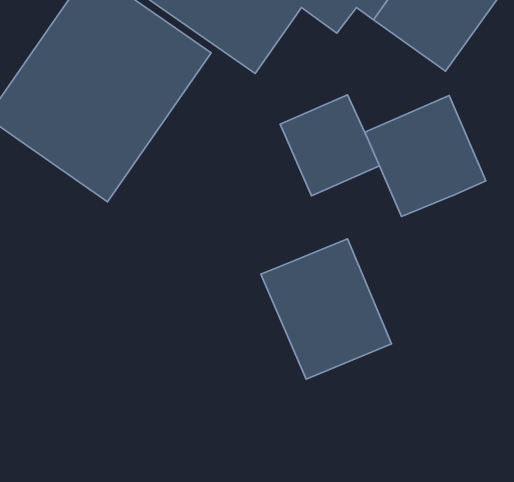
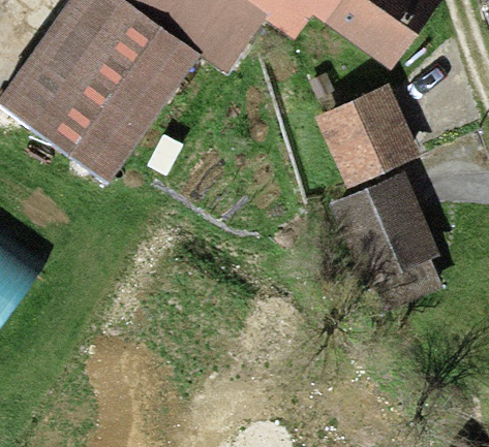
building: [280,95,379,196] -> none
building: [261,239,391,379] -> [325,172,435,291]

